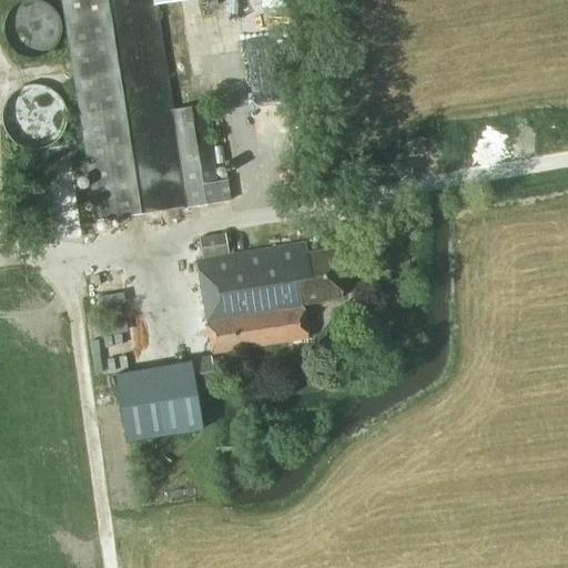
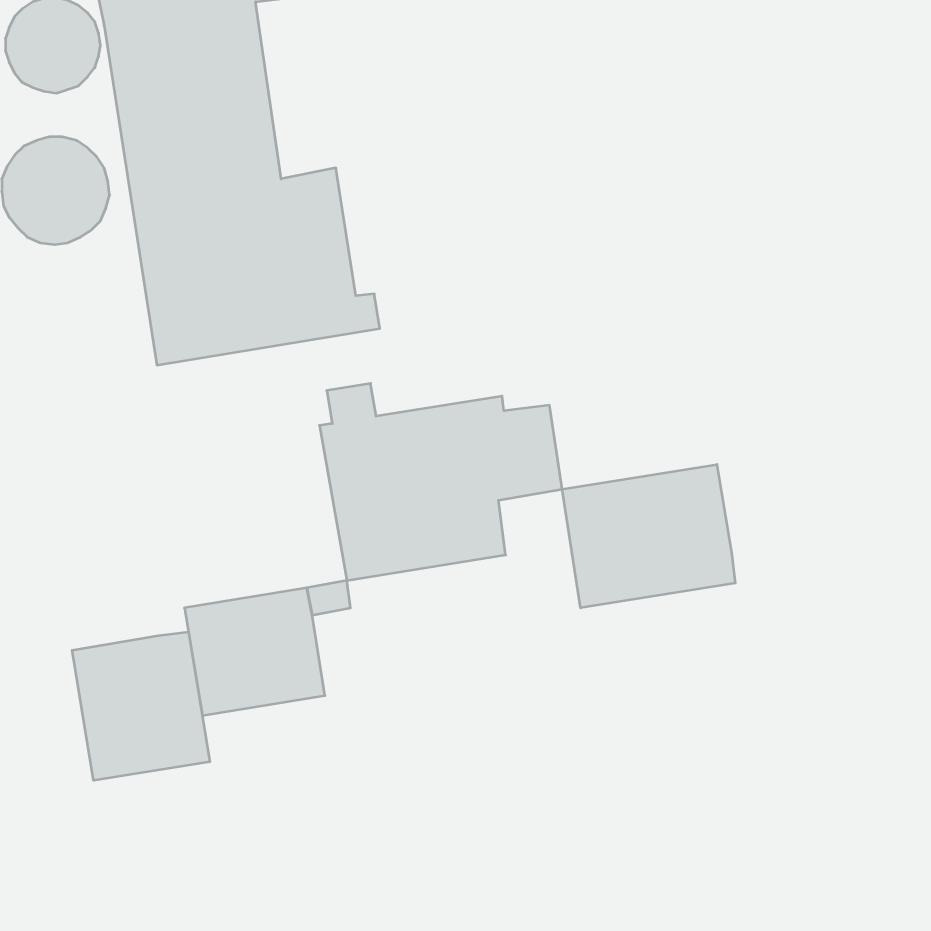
building: none -> [562,464,735,608]
building: none -> [72,632,210,780]

